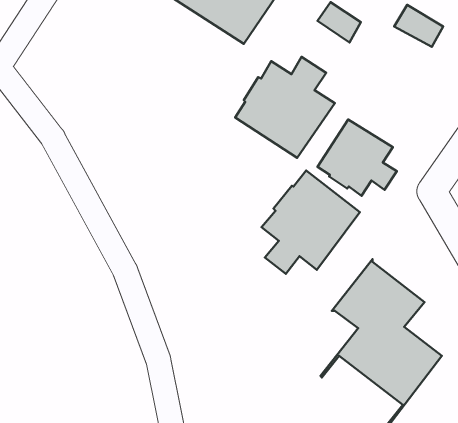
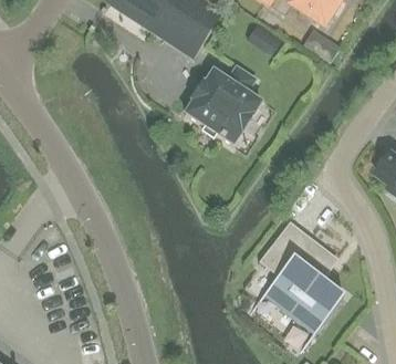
building: [317,120,397,196] -> none
building: [261,171,360,274] -> none

